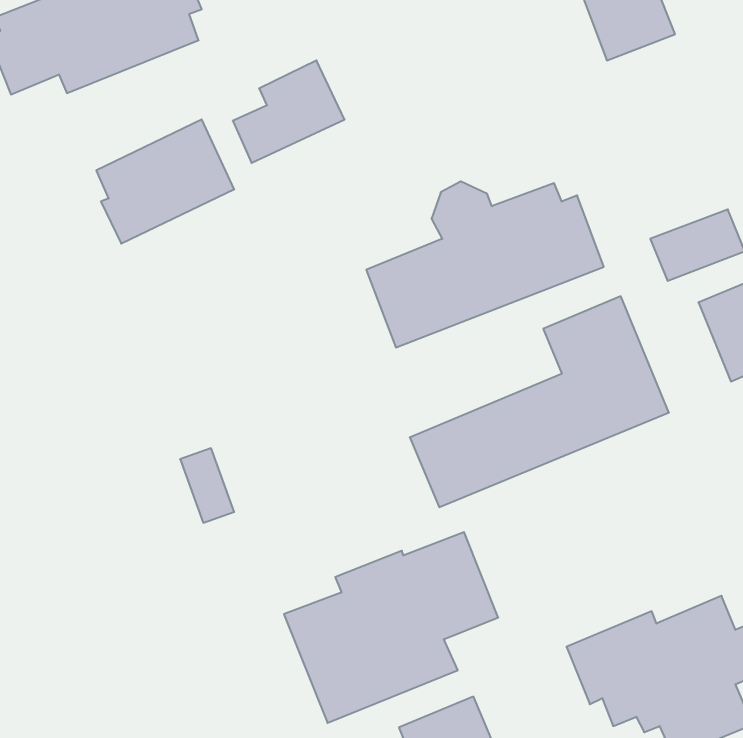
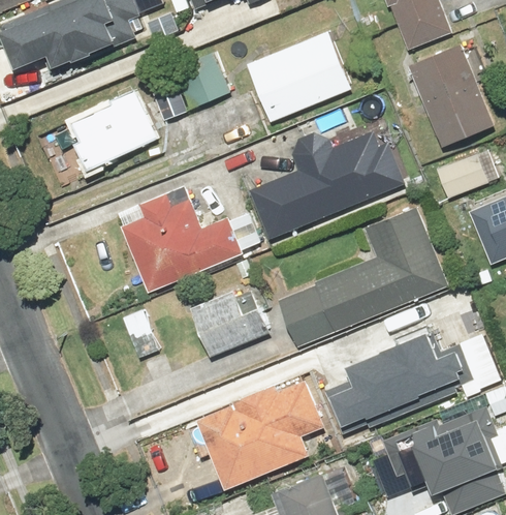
building: none -> [246,32,352,123]
building: none -> [406,43,494,148]
building: none -> [117,184,261,292]
building: none -> [188,290,267,357]
building: none -> [328,326,479,426]

